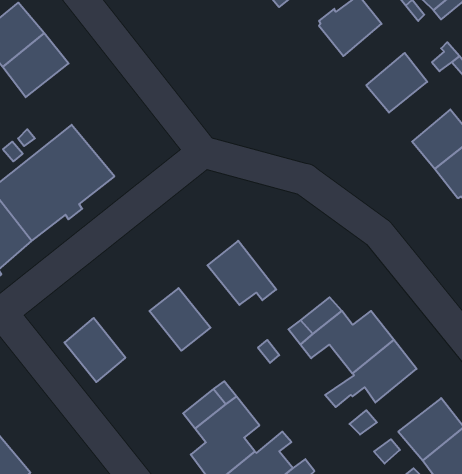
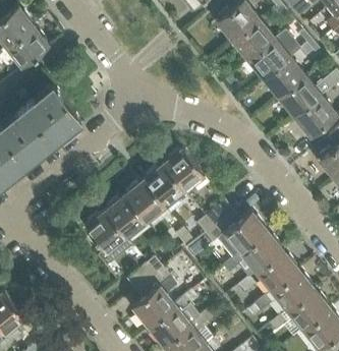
building: none -> [234,19,275,60]
building: none -> [265,58,305,98]
building: none -> [164,149,211,196]
building: none -> [124,180,165,222]
building: [64,318,125,382] -> [86,211,126,253]
building: none -> [256,249,299,291]

